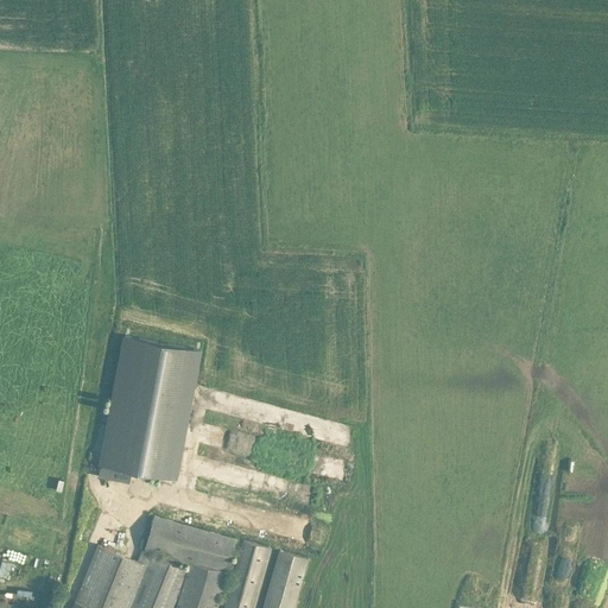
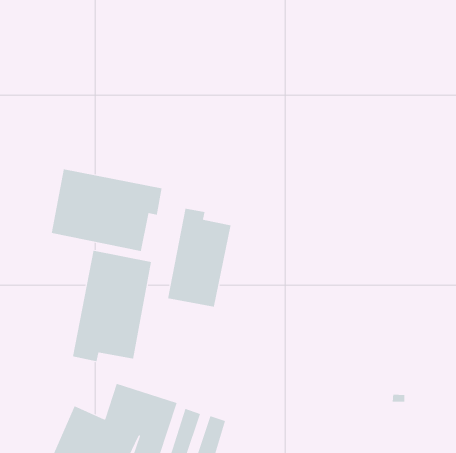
building: none -> [51,169,162,252]
building: none -> [168,208,231,308]

